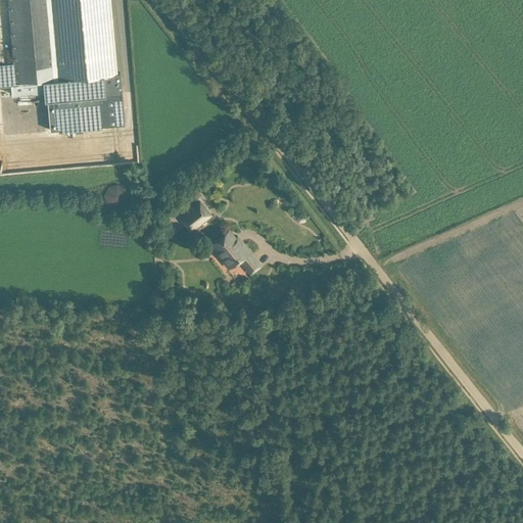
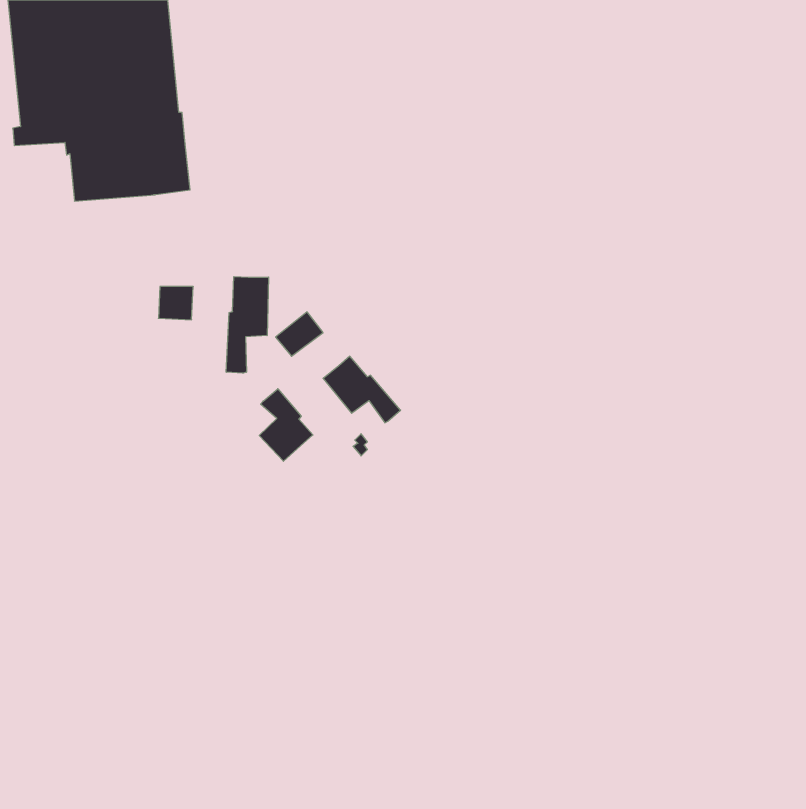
building: none -> [226,277,269,373]
building: none -> [259,389,313,461]

